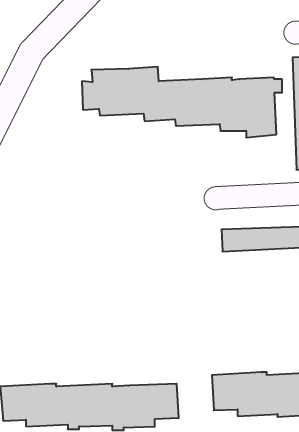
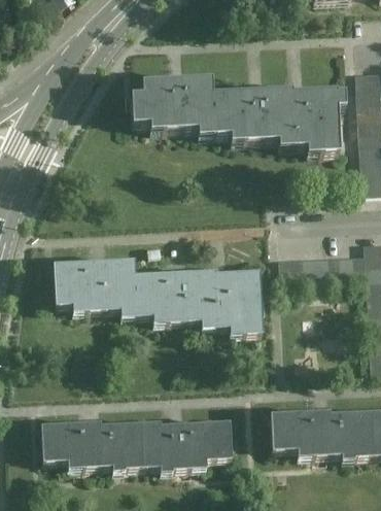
building: none -> [53,256,264,332]

